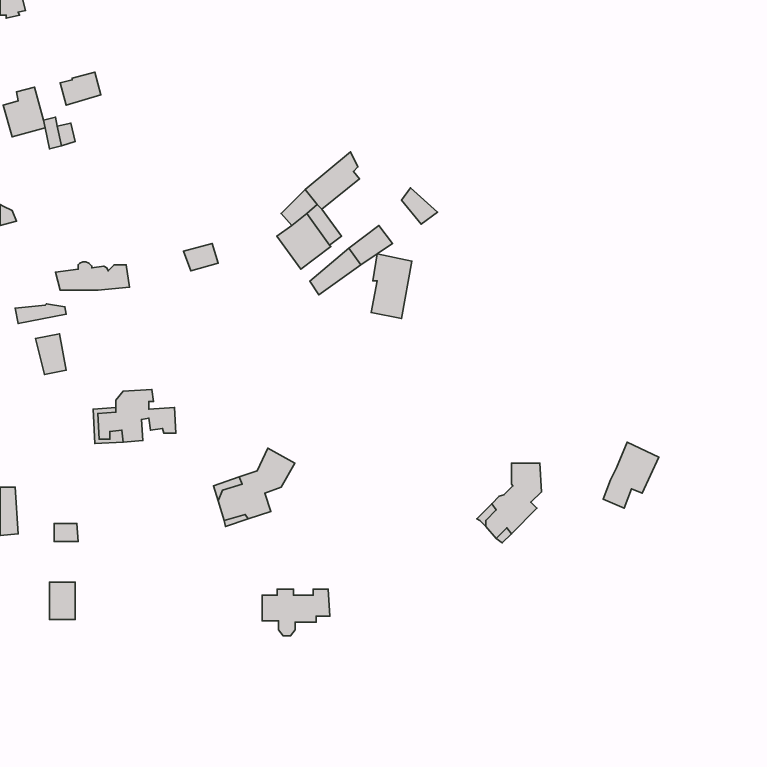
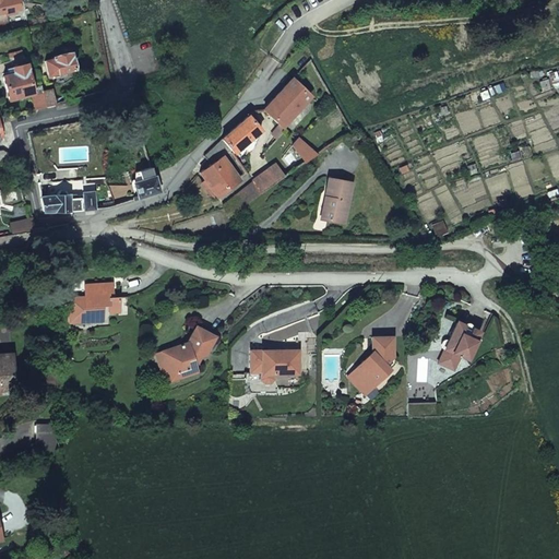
building: none -> [265,79,312,127]
building: [371,254,412,318] -> [325,177,355,224]
building: [35,334,66,375] -> none
building: [262,589,330,636] -> [250,349,299,383]

